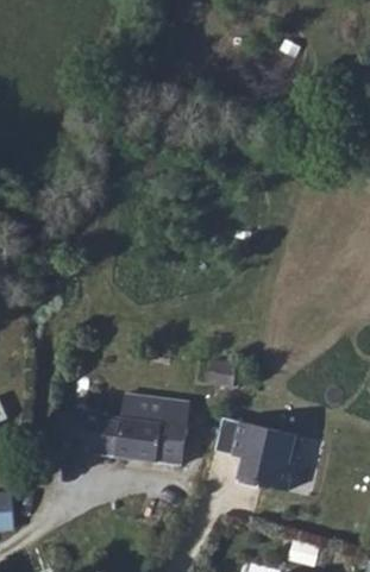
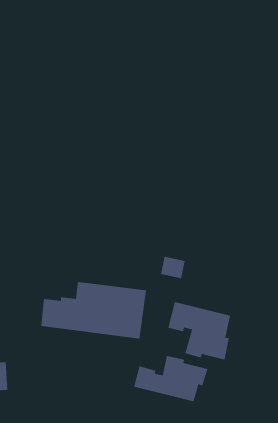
building: none -> [134,355,208,402]

